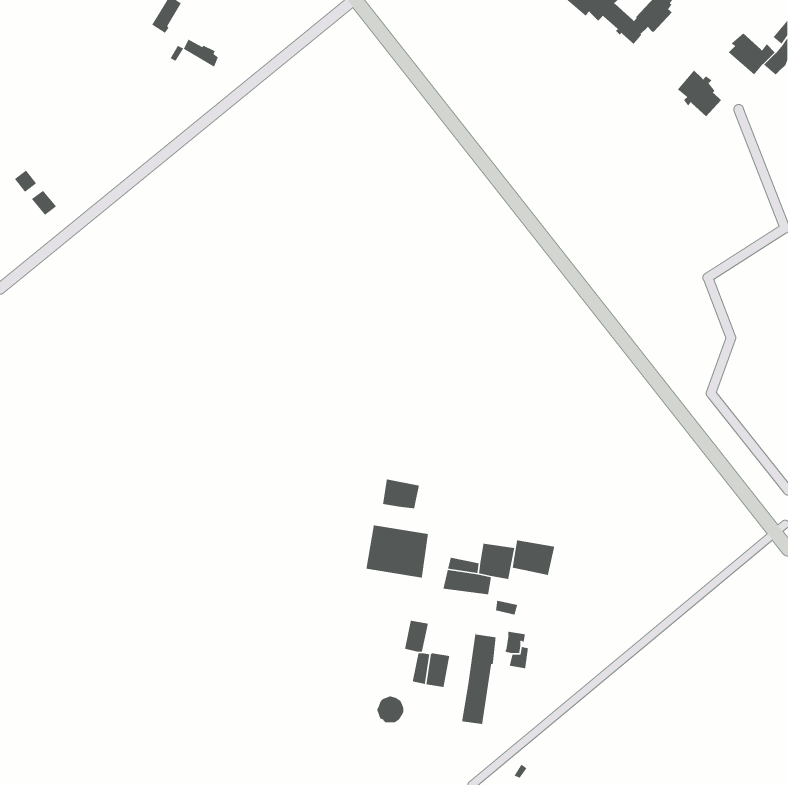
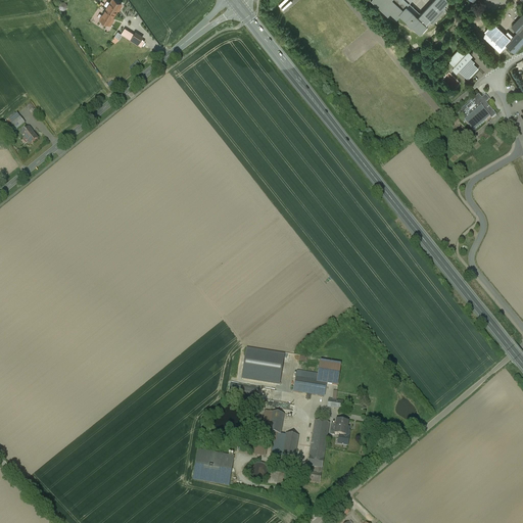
building: none -> [457,92,496,130]
building: [382,479,420,509] -> none
building: [512,539,555,576] -> none
building: none -> [193,448,234,483]

